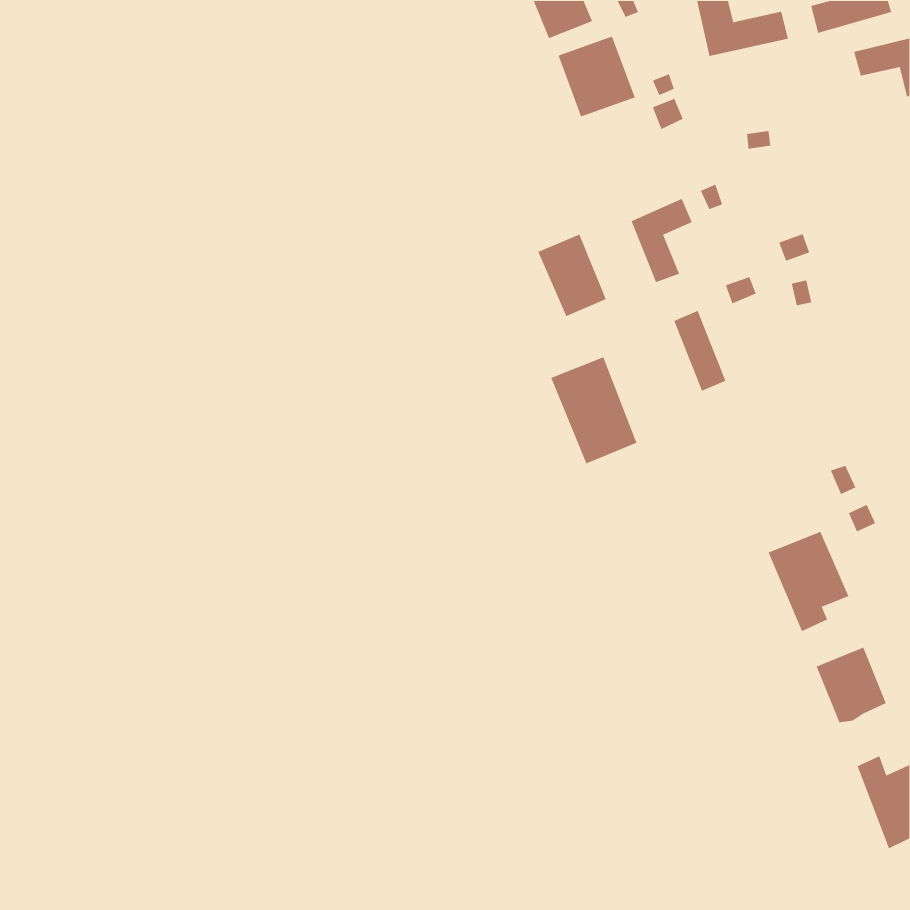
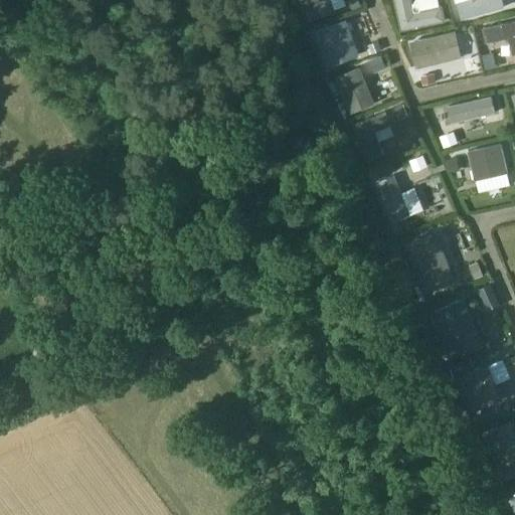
building: none -> [409,32,461,70]
building: none -> [449,97,495,123]
building: [537,234,607,317] -> [335,67,374,115]
building: none -> [468,143,509,181]
building: [550,356,638,465] -> [408,235,458,297]

